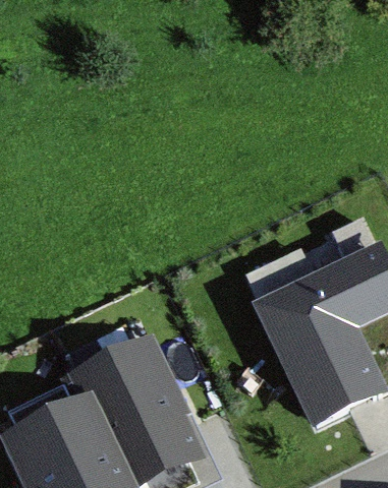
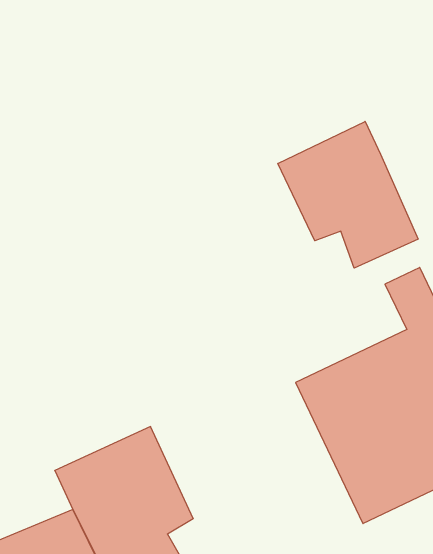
building: none -> [278,121,418,268]

